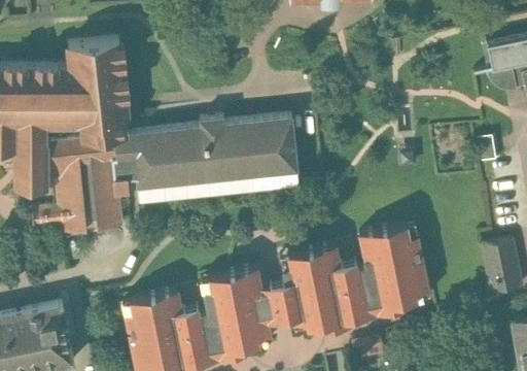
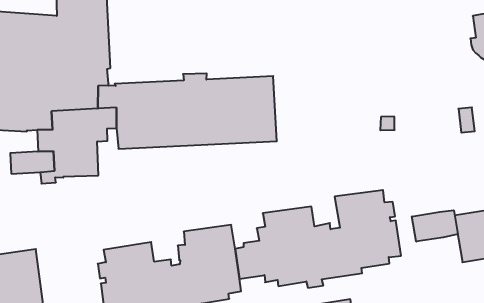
building: none -> [412,210,458,242]

